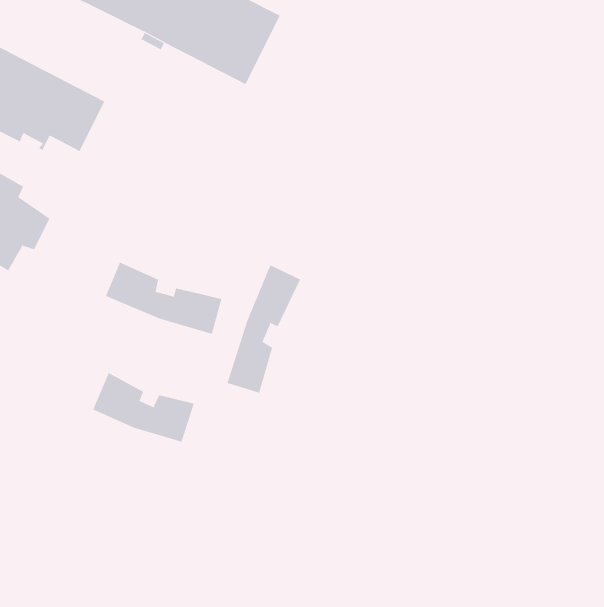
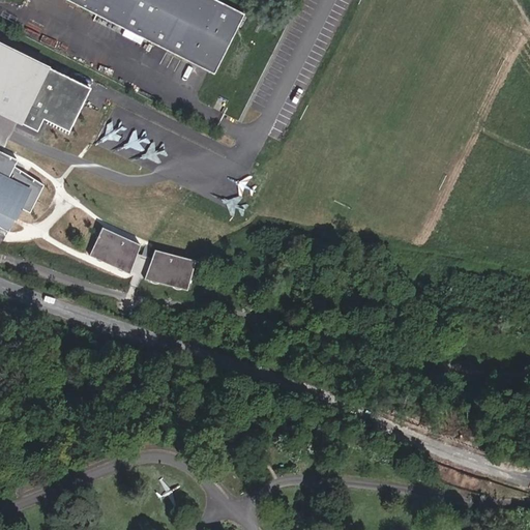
building: [227,264,301,393] -> none
building: [92,372,194,443] -> none

